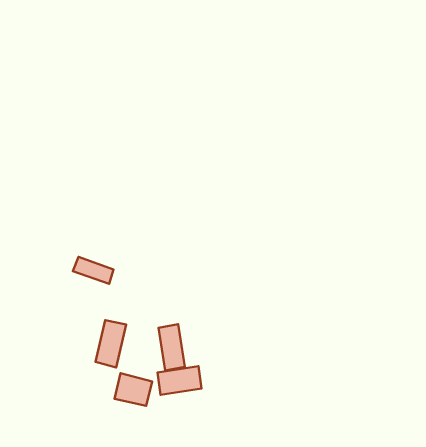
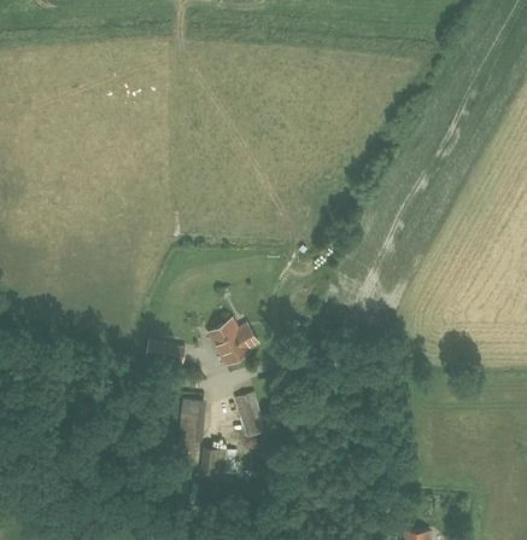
building: none -> [209,320,258,365]
building: [157,366,202,395] -> none

